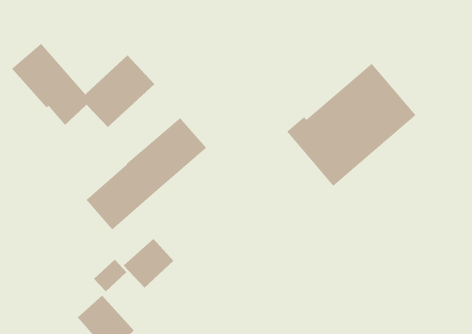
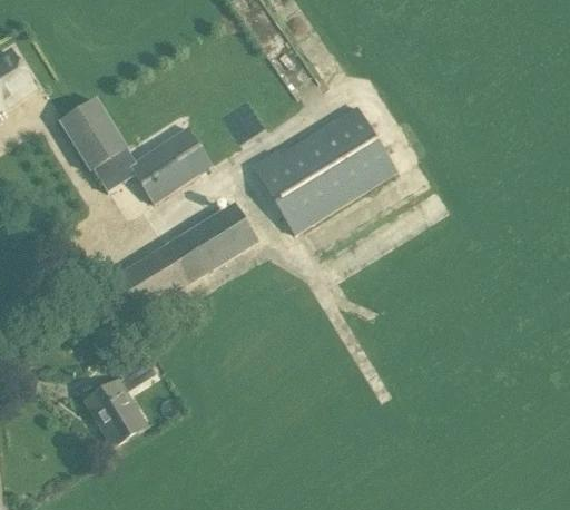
building: [286,63,417,187] -> [253,107,396,234]
building: [123,238,174,289] -> none

